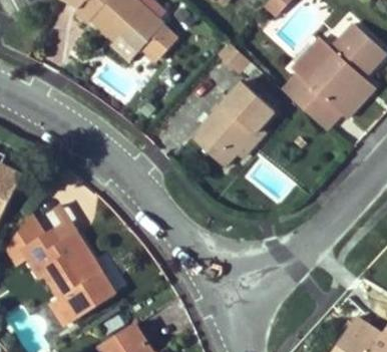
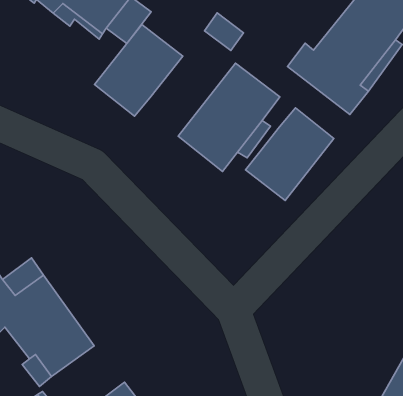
building: none -> [95,24,183,116]
building: none -> [246,108,334,201]

